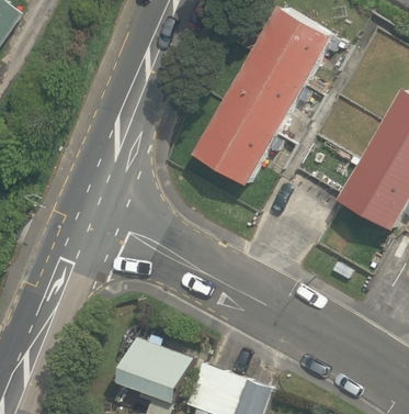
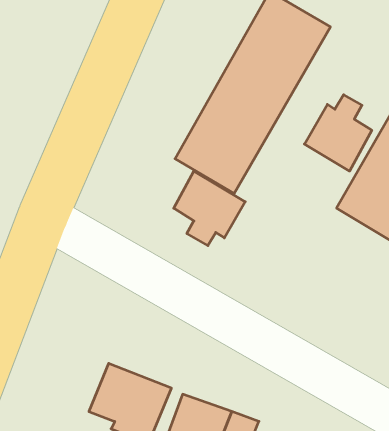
building: none -> [304,95,372,171]
building: none -> [174,171,245,246]

